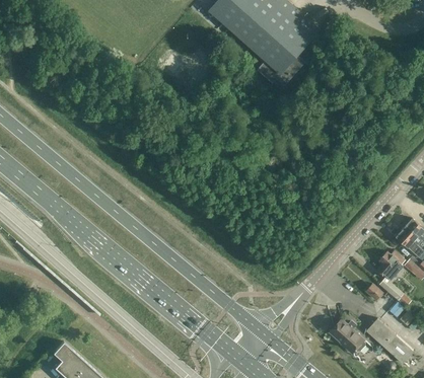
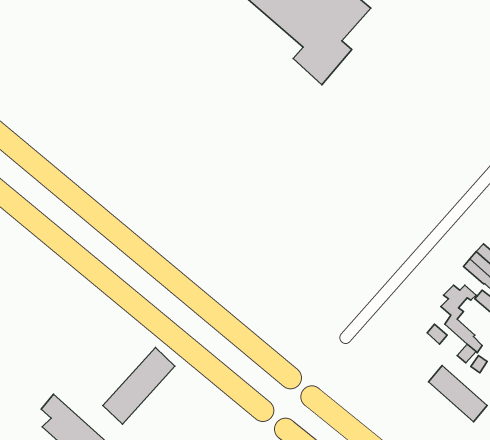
building: none -> [103,347,175,424]
building: [329,318,364,353] -> none

